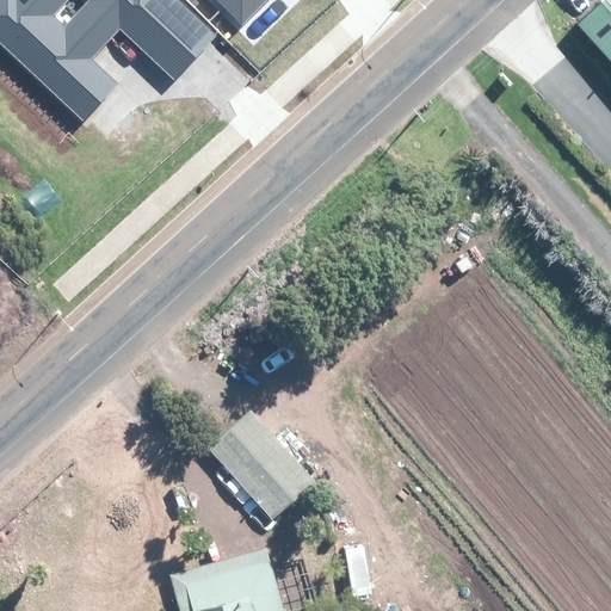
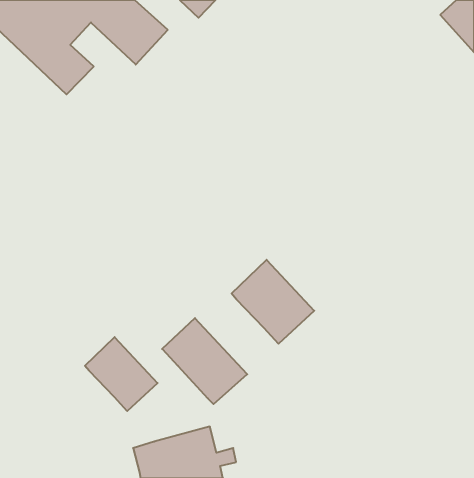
building: none -> [232,260,314,344]
building: none -> [85,337,158,411]

